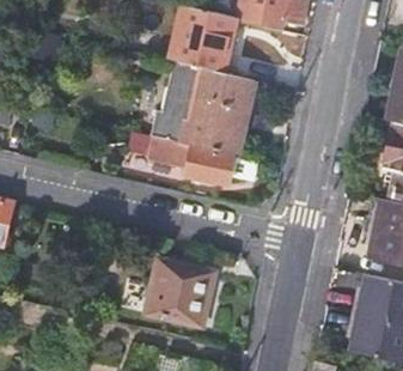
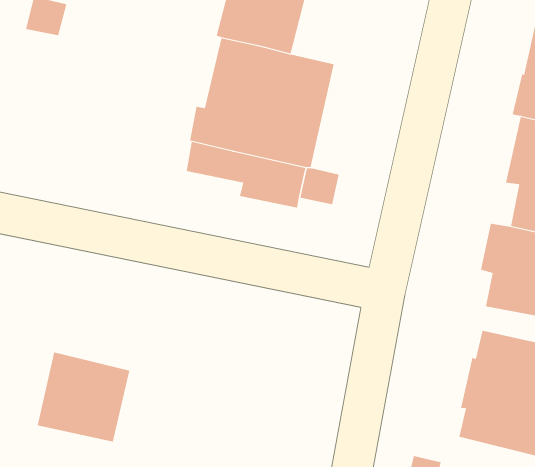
building: [149,260,216,324] -> [37,352,130,442]

